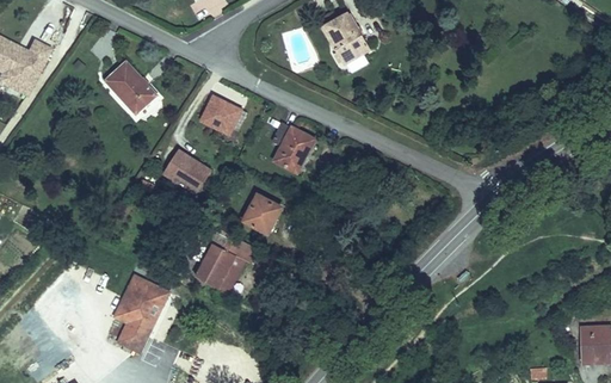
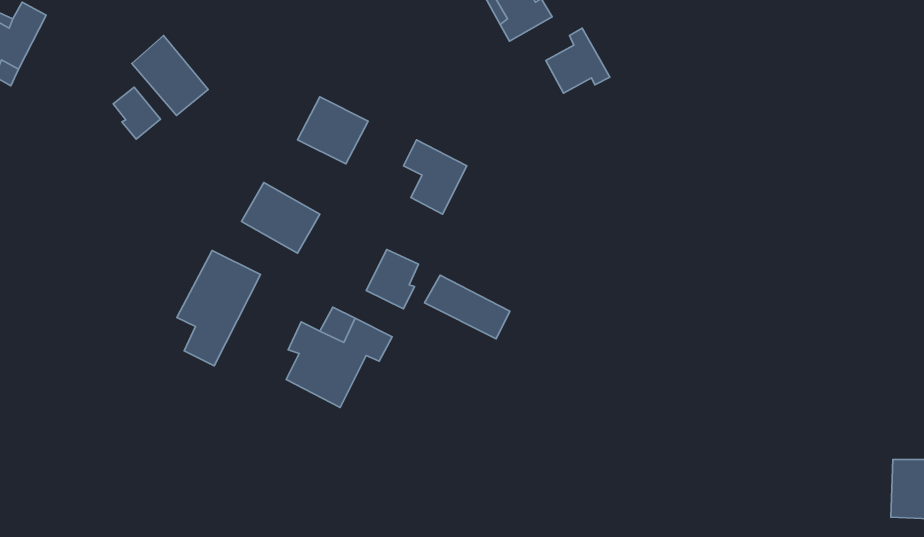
building: none -> [546,28,610,93]
building: none -> [113,87,161,139]
building: none -> [425,275,510,339]
building: [115,273,168,347] -> [177,250,261,366]

